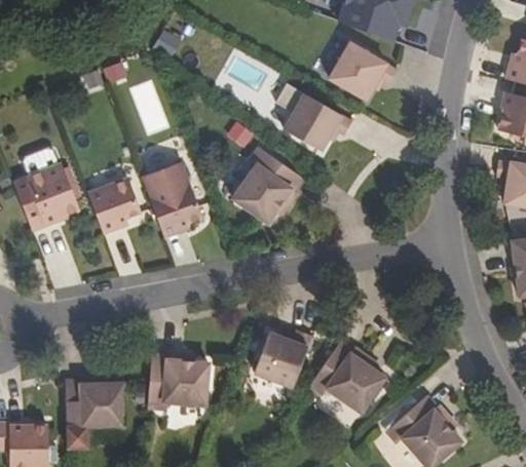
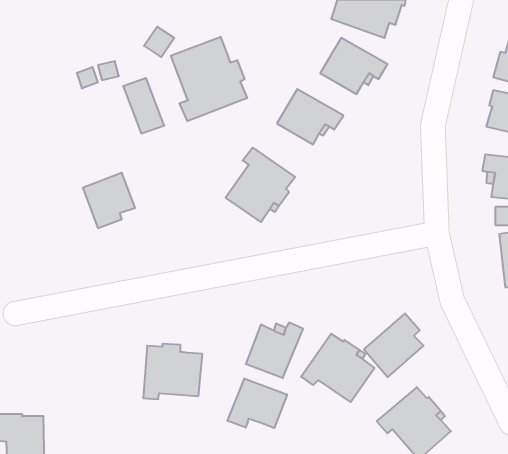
building: none -> [171,37,247,121]
building: [141,162,201,238] -> none
building: [14,163,81,231] -> none
building: none -> [364,313,424,377]
building: [66,379,124,450] -> none
building: none -> [227,378,287,428]

